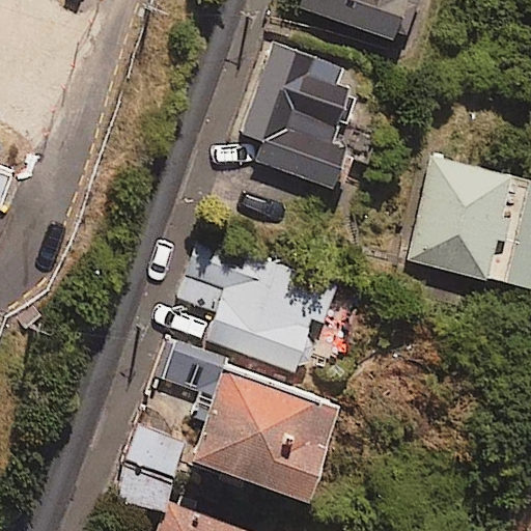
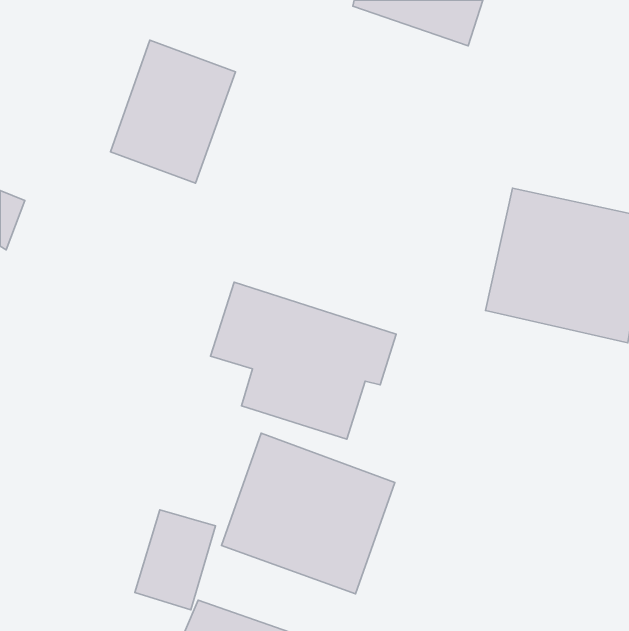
building: none -> [110,40,236,183]
building: [234,44,358,190] -> none

